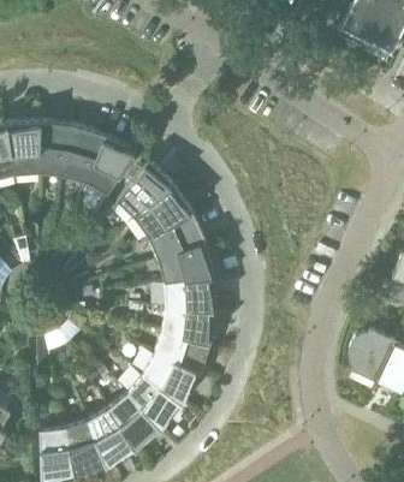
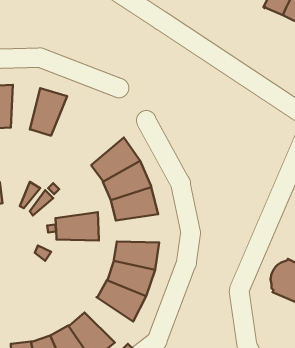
building: [38,124,73,177] -> none
building: [87,137,136,196] -> none
building: [117,162,173,219] -> none
building: [164,278,215,311] -> [55,212,99,241]
building: [126,376,184,430] -> none

